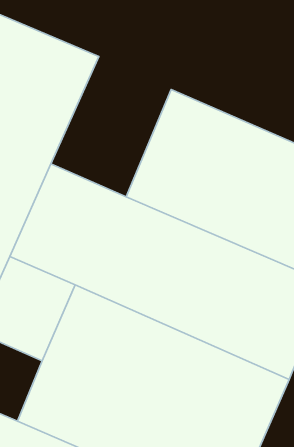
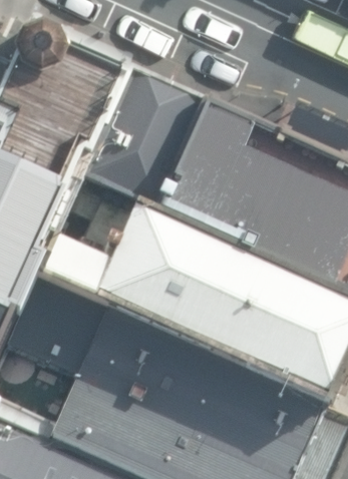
building: none -> [87,70,211,214]

